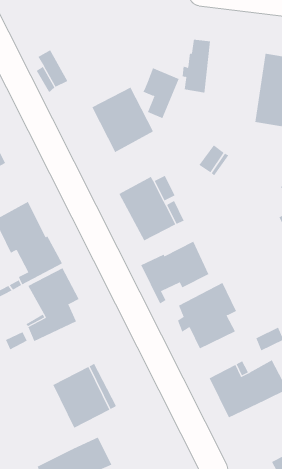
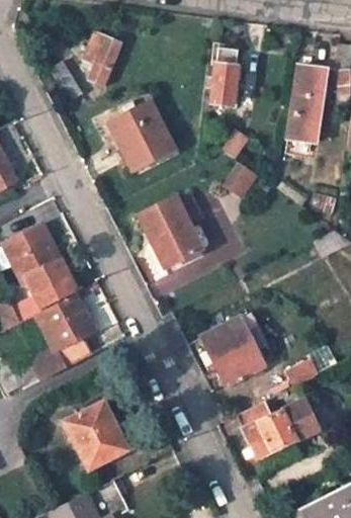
building: [142,68,180,119] -> [83,32,123,88]
building: [141,241,209,304] -> none

